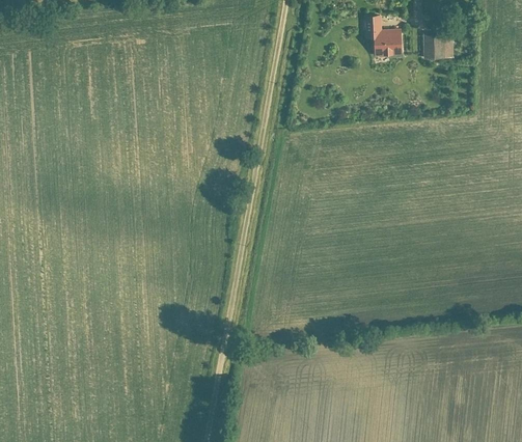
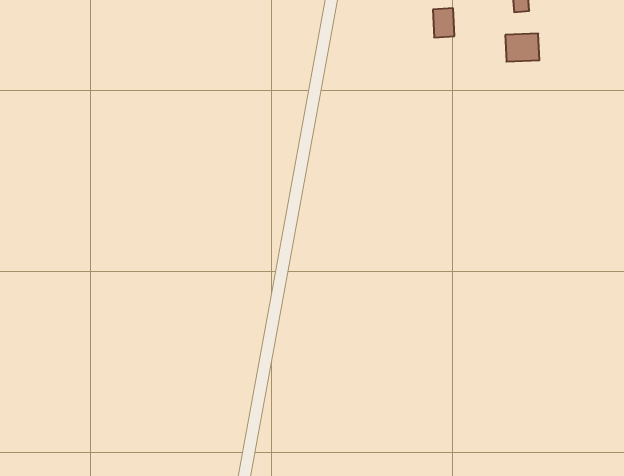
building: [376,37,403,55] -> none

